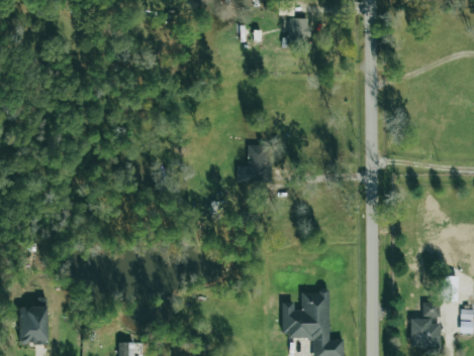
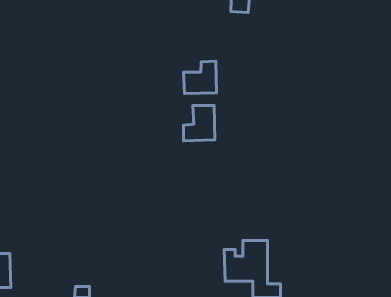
building: none -> [183,61,217,94]
building: [410,300,441,348] -> none

